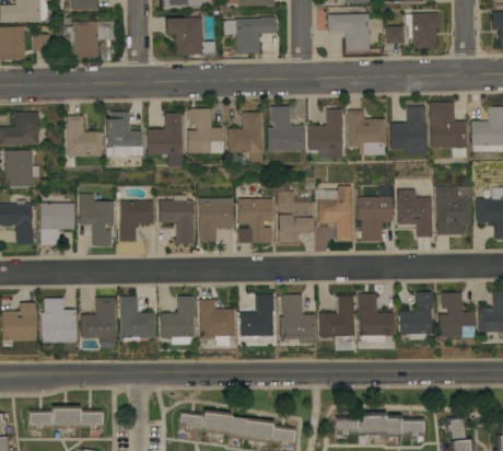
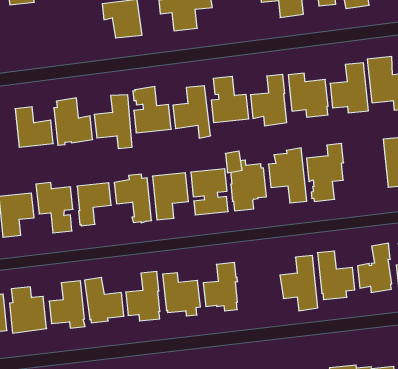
building: [66,20,115,57] -> none
building: [398,189,432,236] -> none
building: [279,294,314,344] -> none

